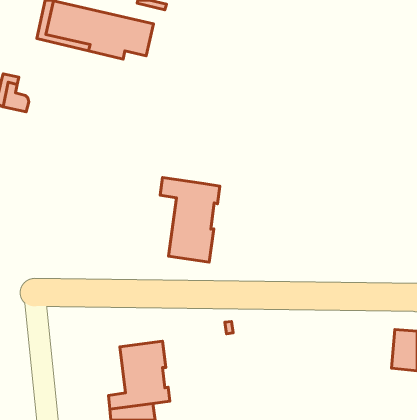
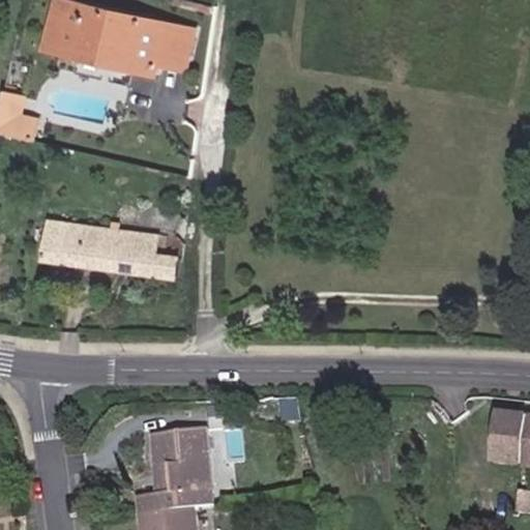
building: none -> [42,220,178,278]
building: [160,178,220,262] -> none

